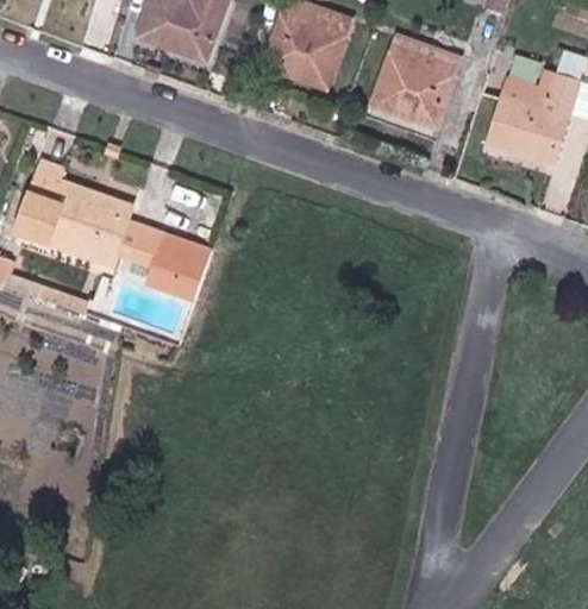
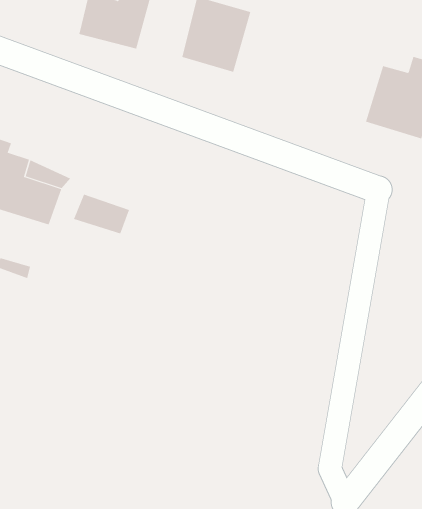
building: [373,38,461,132] -> none
building: [132,258,196,299] -> none

